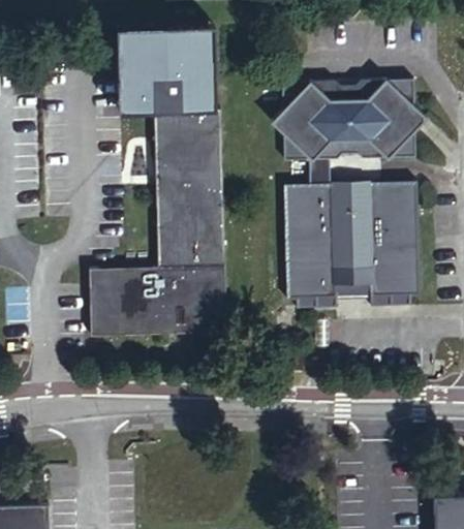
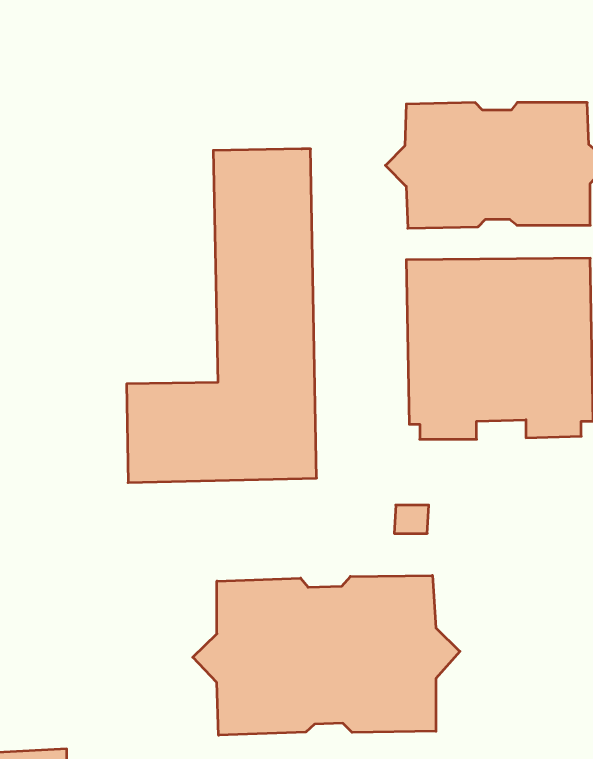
building: [119,23,214,108] -> none
building: none -> [193,575,460,735]

